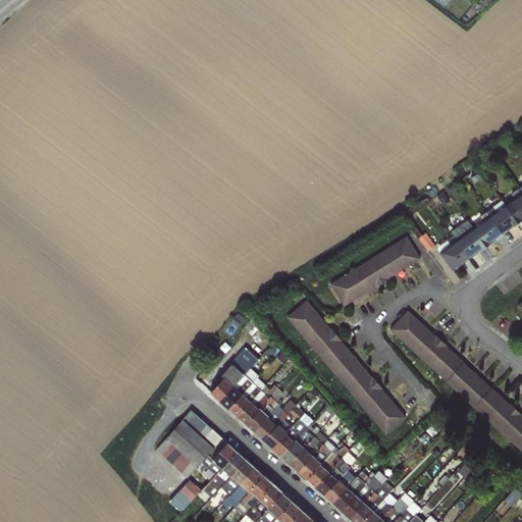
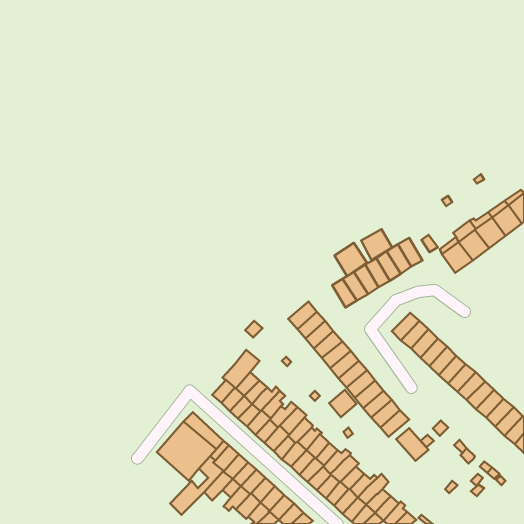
building: none -> [361,229,392,260]
building: none -> [334,243,367,276]
building: none -> [329,390,357,417]
building: none -> [396,428,428,461]

